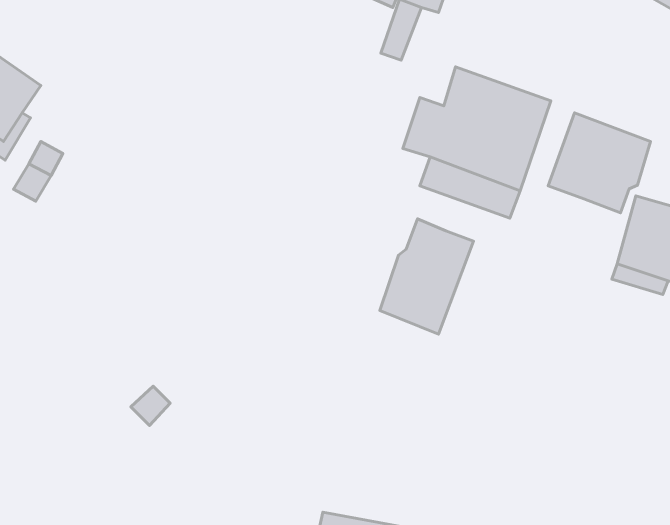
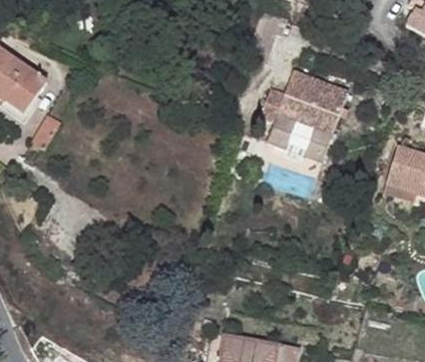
building: [548,113,651,213] -> none
building: [380,219,473,334] -> none

